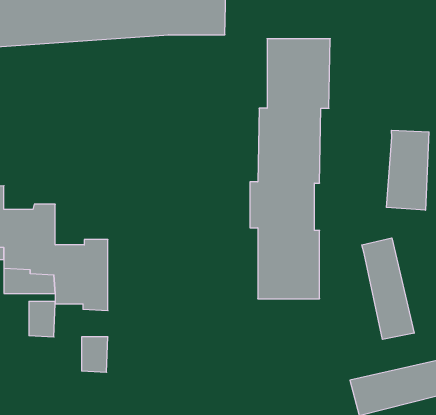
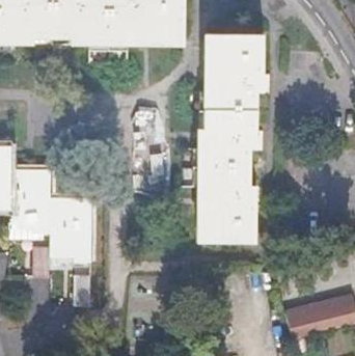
building: [386,130,429,210] -> none
building: [362,238,414,339] -> none

